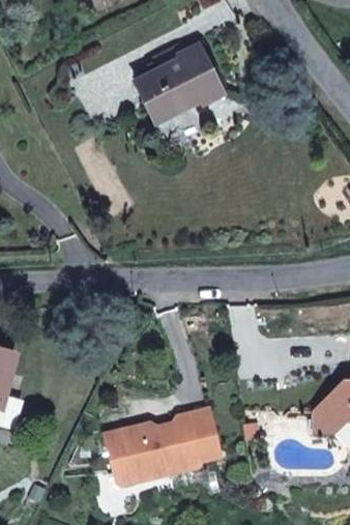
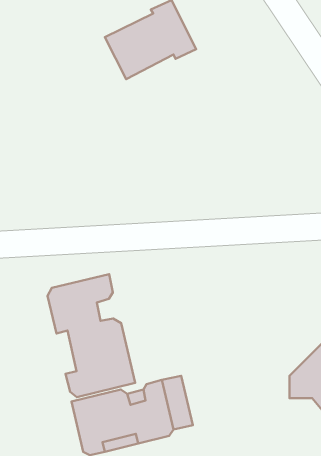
building: none -> [48,274,135,397]

